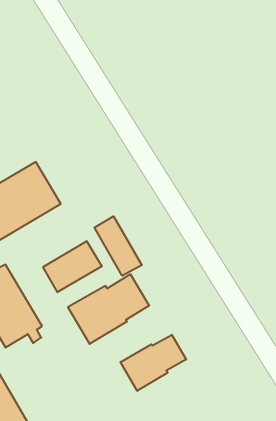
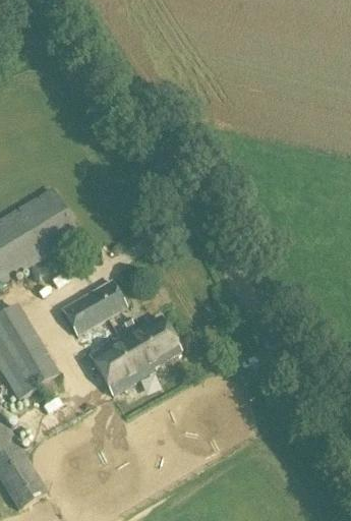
building: [95,216,142,276] -> none
building: [120,335,186,391] -> none

